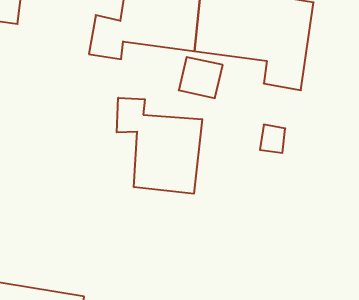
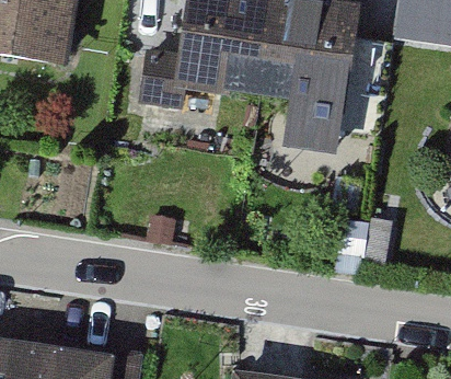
building: [117,98,202,194] -> none

